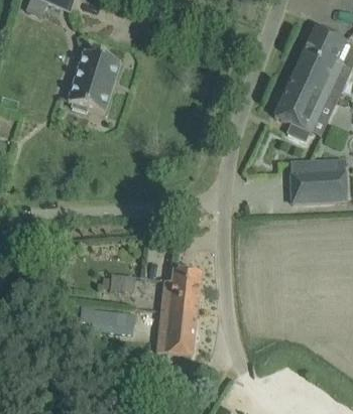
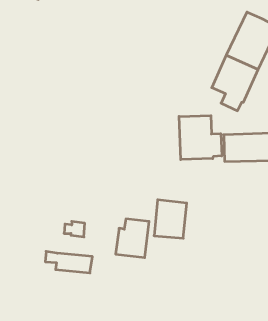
building: [68,51,120,113] -> none
building: none -> [179,116,222,160]
building: [157,310,196,356] -> [154,200,187,238]

